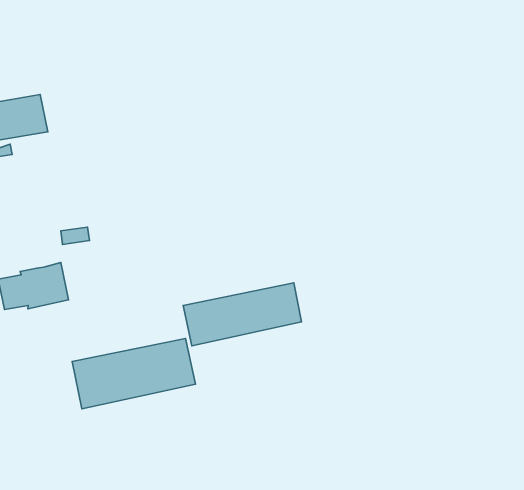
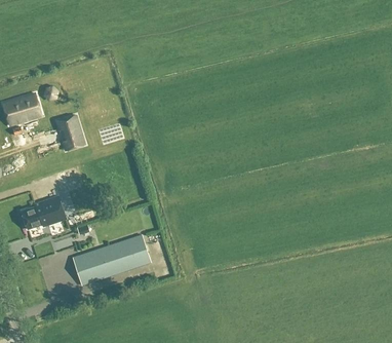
building: none -> [58,114,85,149]
building: [183,283,302,346] -> none

